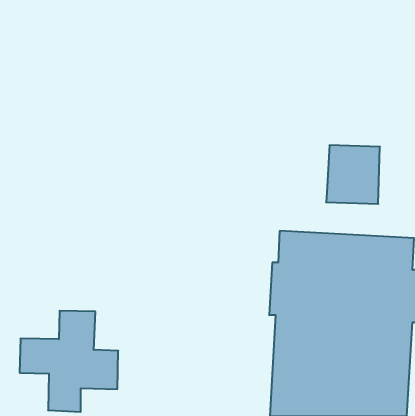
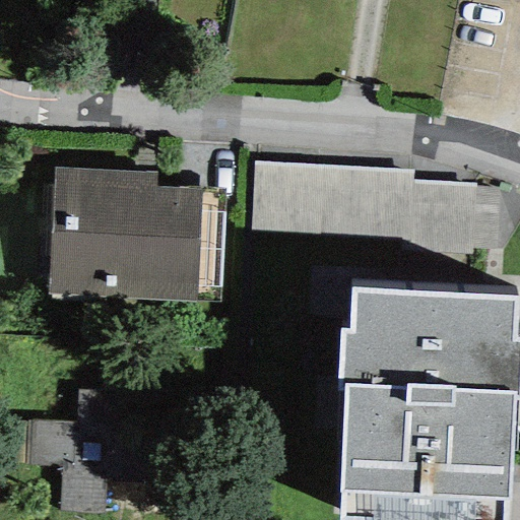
building: none -> [251,160,413,240]
building: none -> [50,166,226,302]

